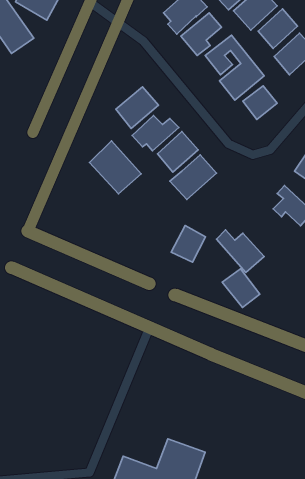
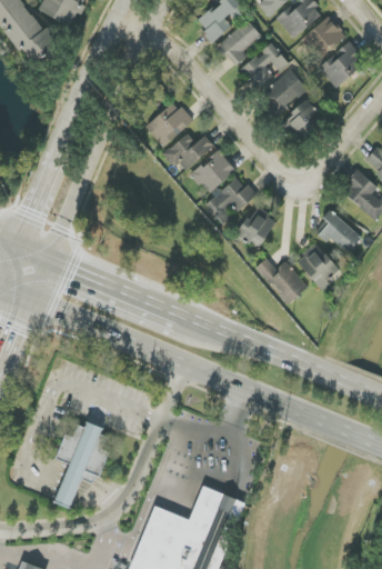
building: [90,141,141,194] -> none
building: [171,226,206,262] -> [238,207,275,247]
building: [222,269,260,307] -> [298,247,339,289]
building: none -> [54,421,109,509]

